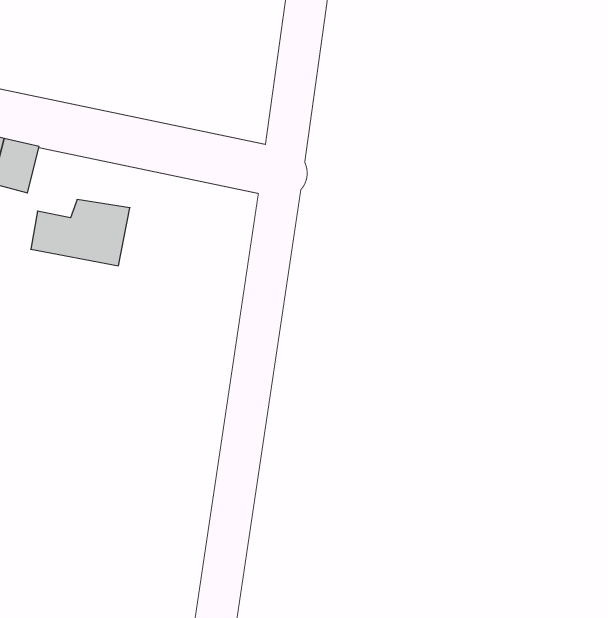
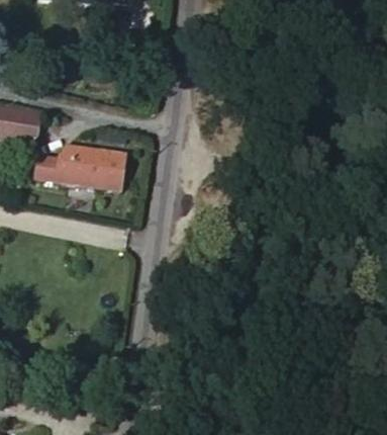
building: none -> [85,150,124,192]

